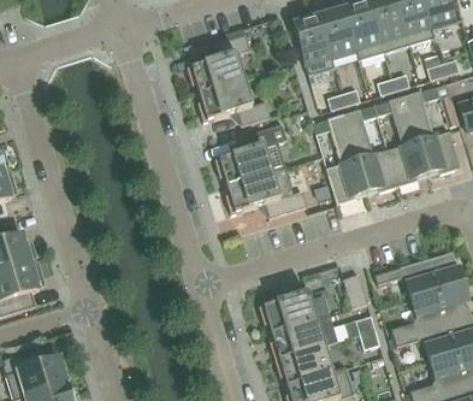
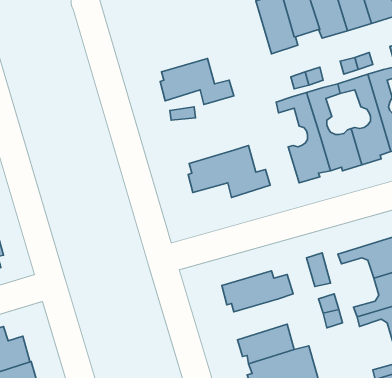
building: [187,34,250,93] -> none
building: [214,123,286,184] -> none
building: [268,319,324,360] -> none

